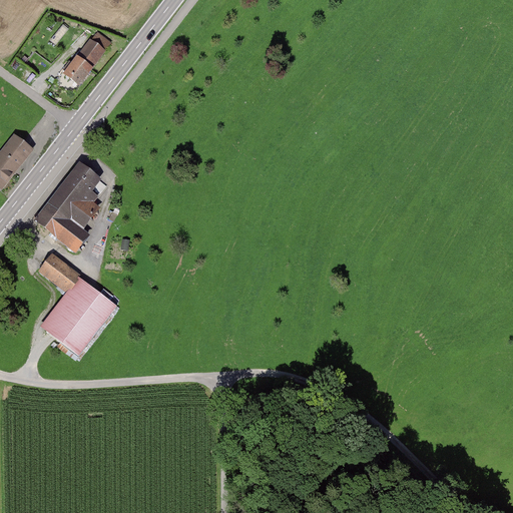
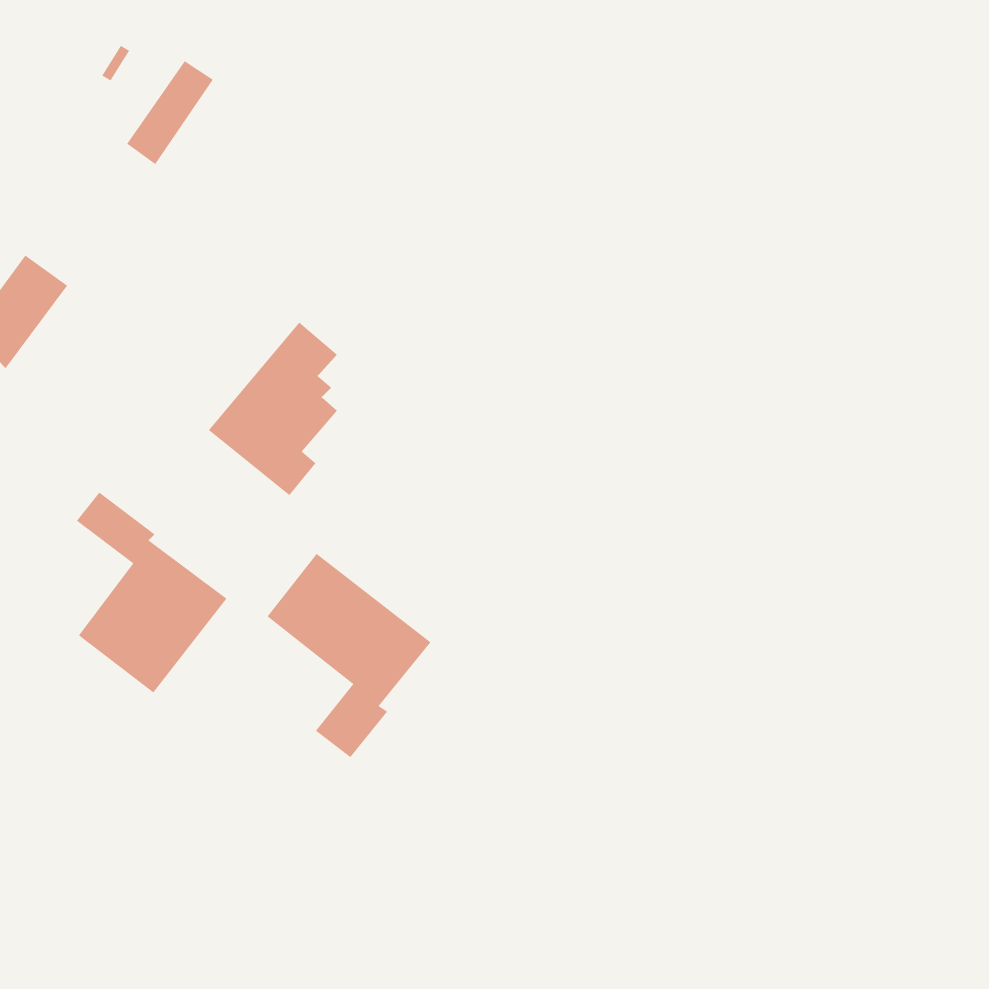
building: [31,160,98,250] -> [208,321,338,496]
building: none -> [267,553,432,758]

